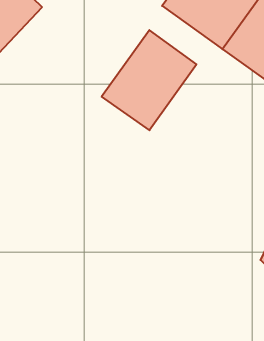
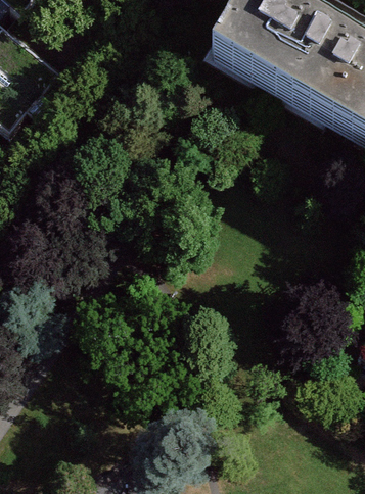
building: [102,30,196,130] -> none

